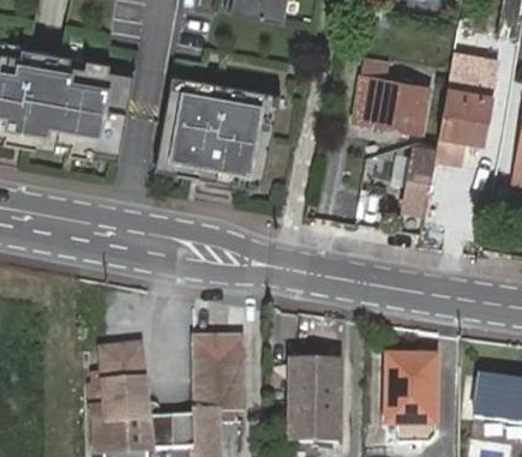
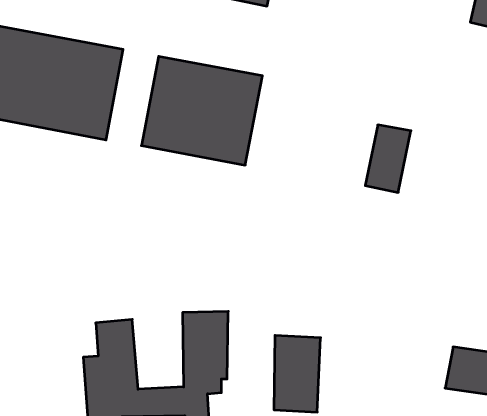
building: [434,49,498,160] -> none
building: [354,53,431,128] -> none
building: [386,359,434,425] -> none

